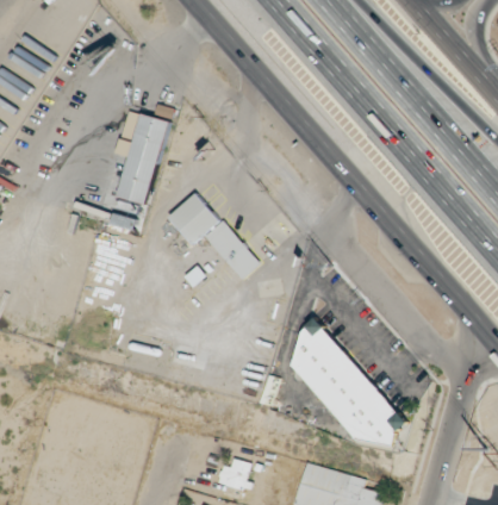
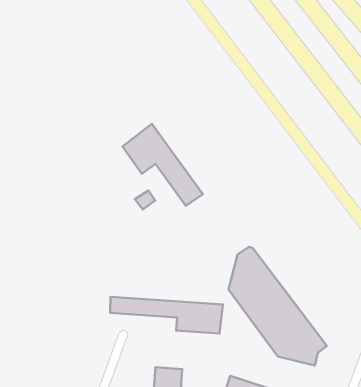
building: [117,113,168,205] -> none
building: none -> [110,297,223,333]

